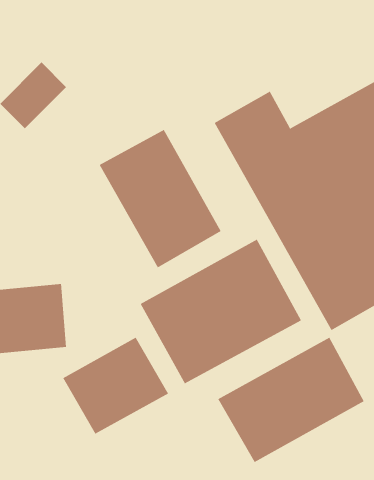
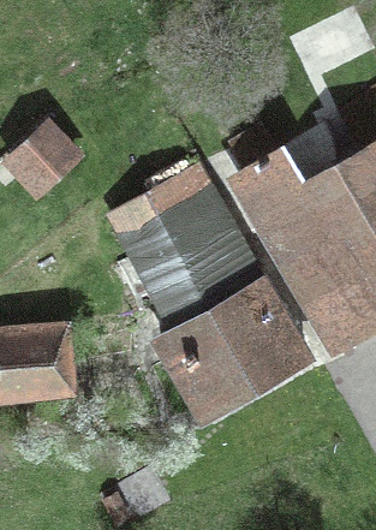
building: [218,337,364,463] -> none
building: [62,337,169,435] -> none

